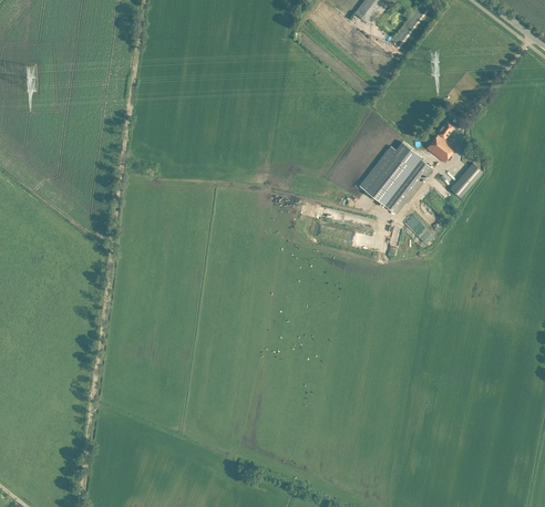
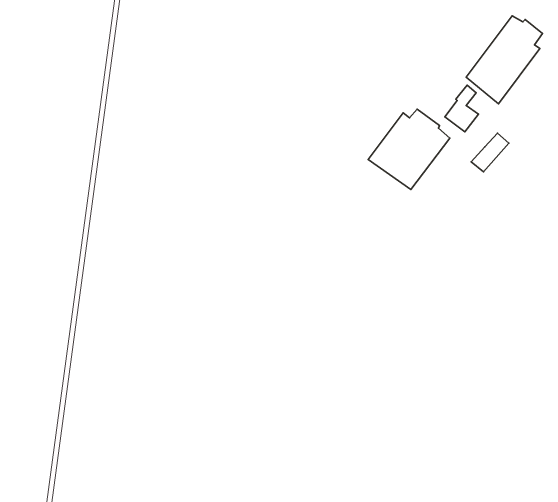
building: none -> [466,16,542,104]

